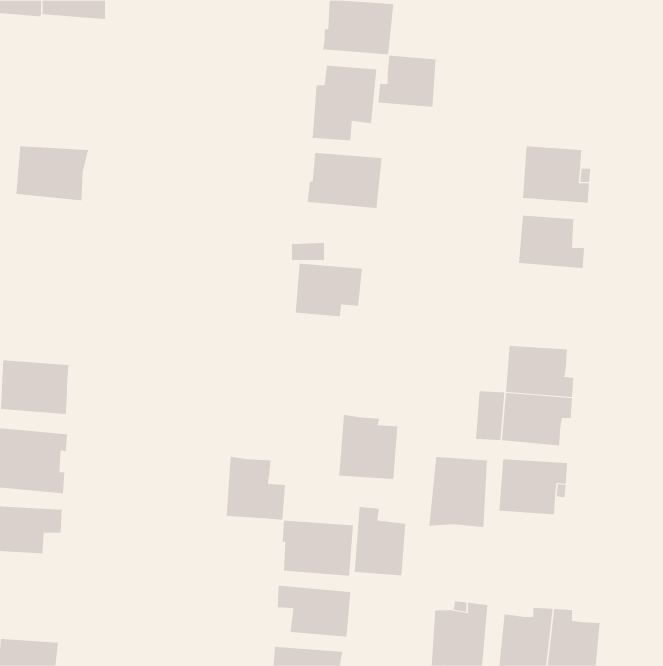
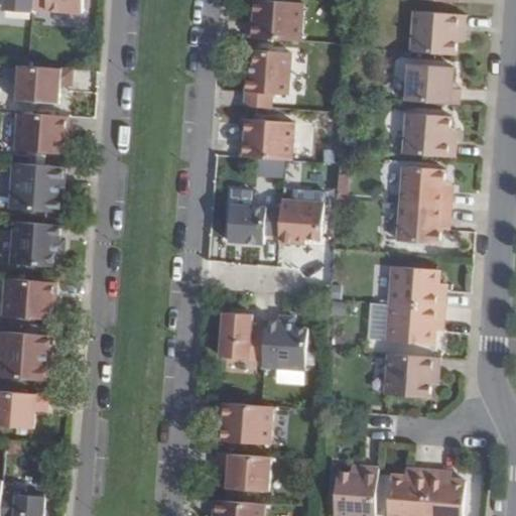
building: none -> [410,11,465,54]
building: [378,55,436,107] -> none
building: none -> [406,63,460,105]
building: none -> [14,66,73,104]
building: none -> [7,163,66,213]
building: none -> [277,198,324,246]
building: none -> [397,204,450,244]
building: none -> [8,221,61,267]
building: [429,456,487,528] -> none
building: [226,456,286,520] -> [218,311,264,361]
building: [354,506,406,576] -> none

